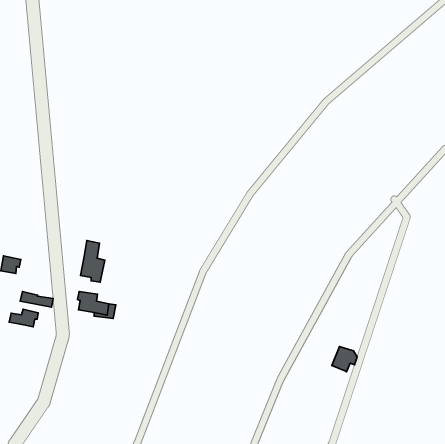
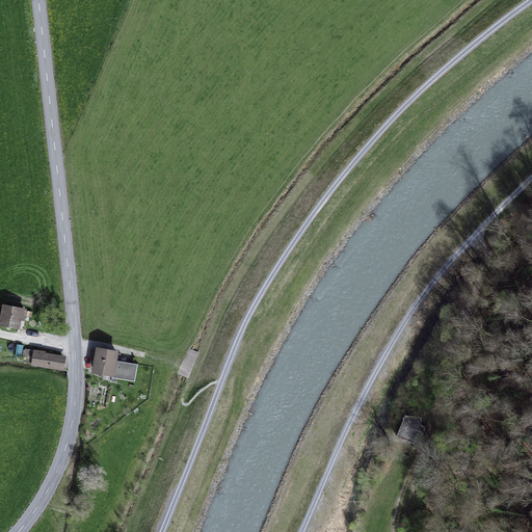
building: [80,240,105,282] -> none
building: [9,309,38,327] -> none

